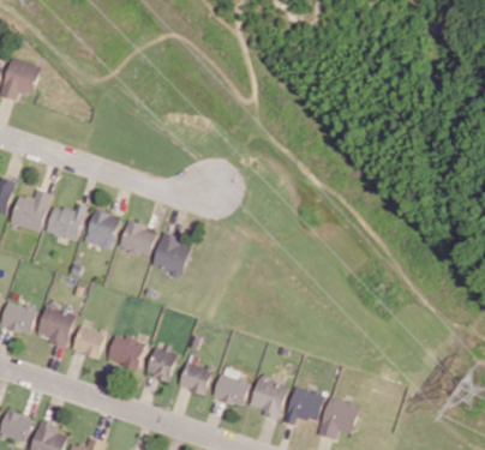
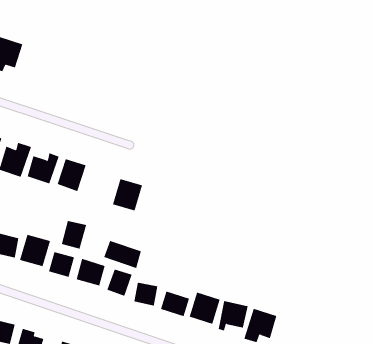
building: [119,223,156,257] -> none
building: none -> [61,220,87,250]
building: none -> [104,240,142,269]

